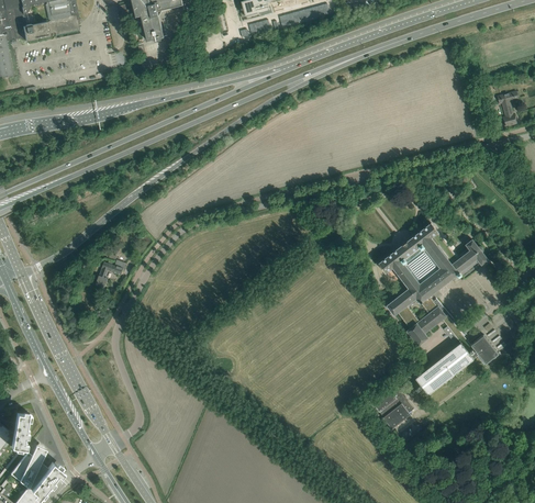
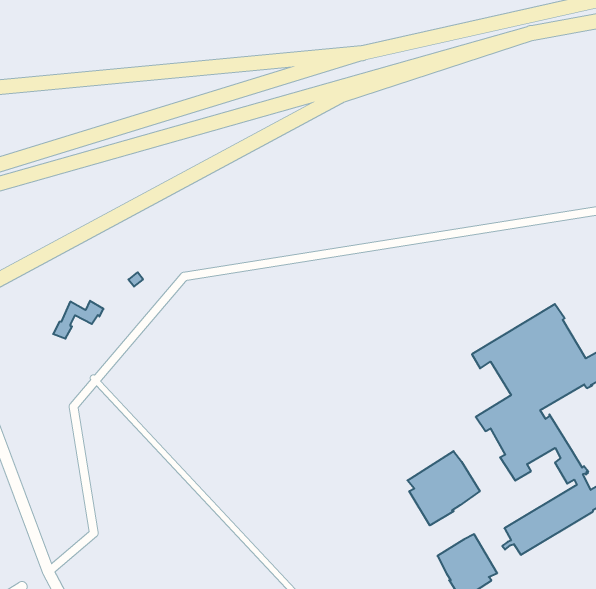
building: none -> [407,451,480,525]

